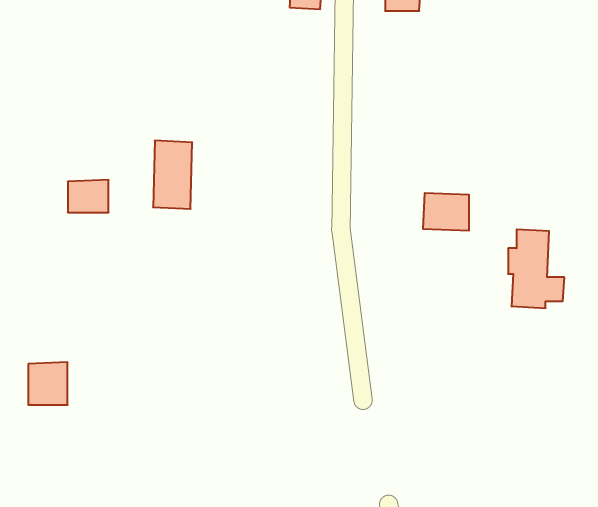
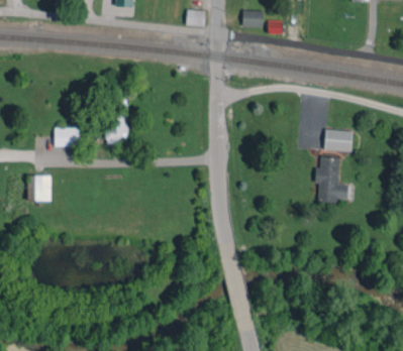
building: [423,193,469,231] -> [324,129,351,151]
building: [28,362,68,405] -> [27,176,51,201]

